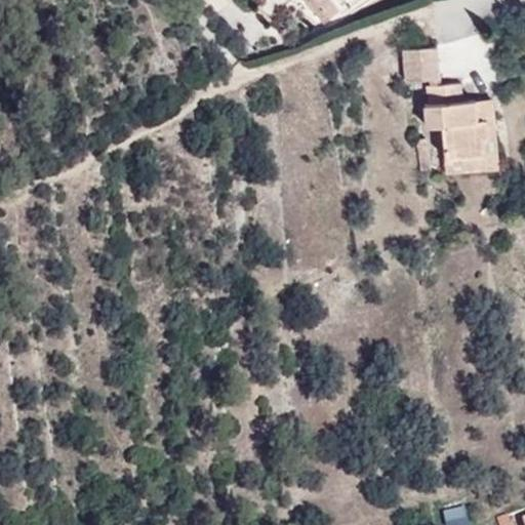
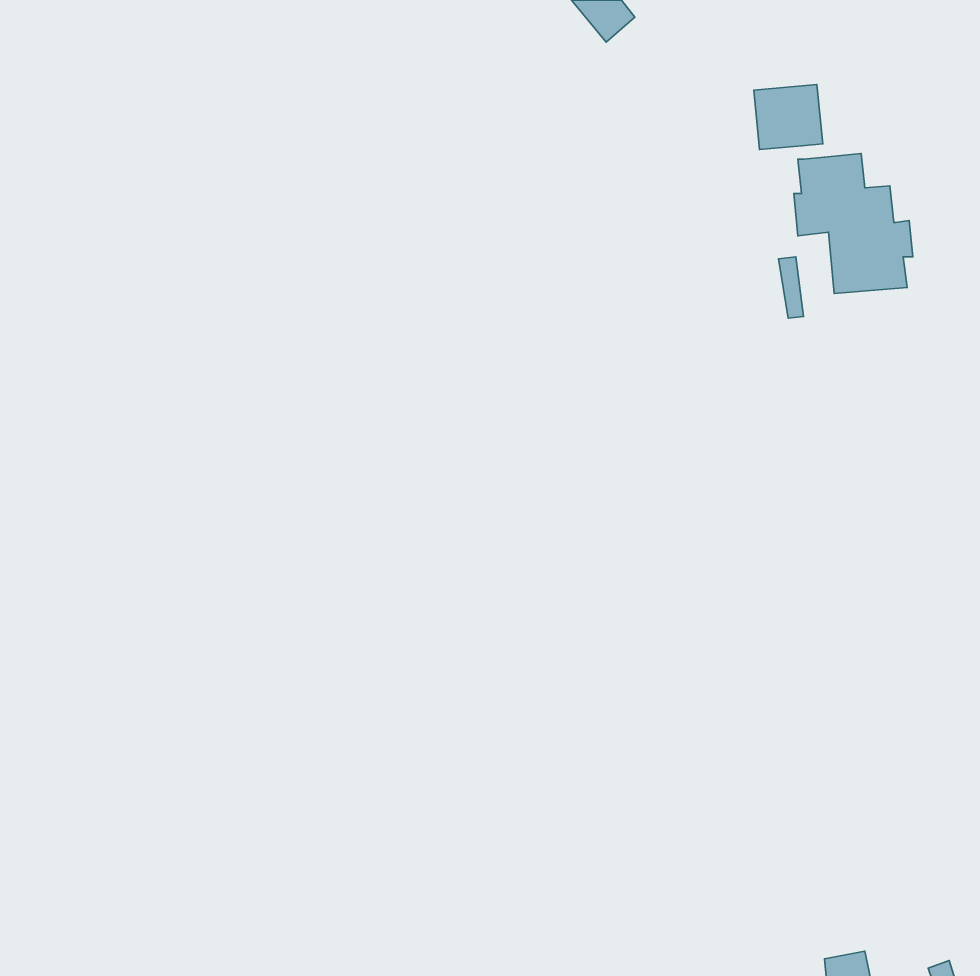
building: [445,99,498,174] -> none

